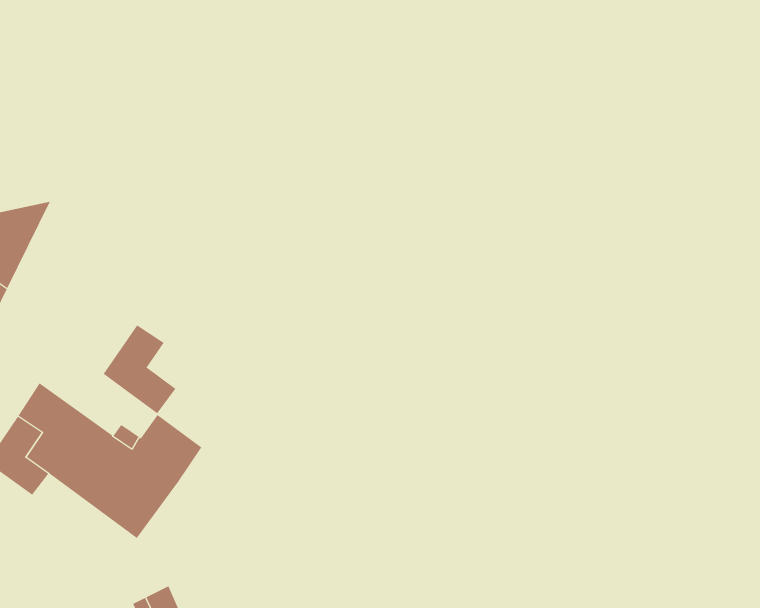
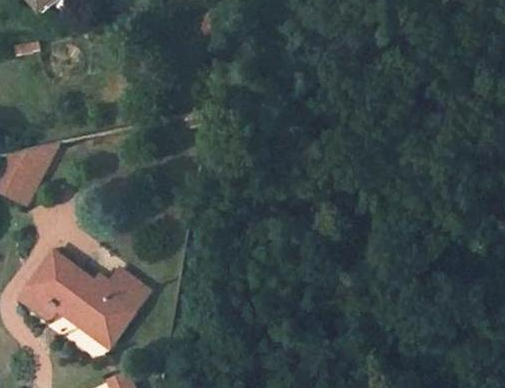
building: [103,325,176,414] -> none

